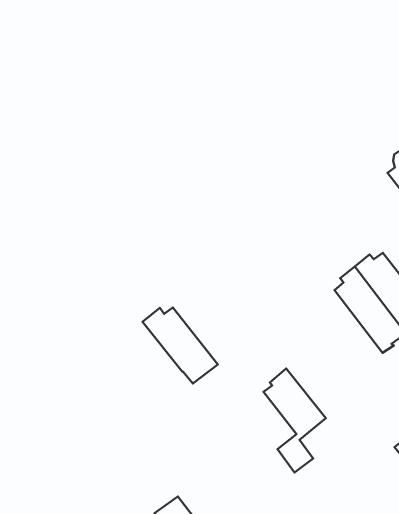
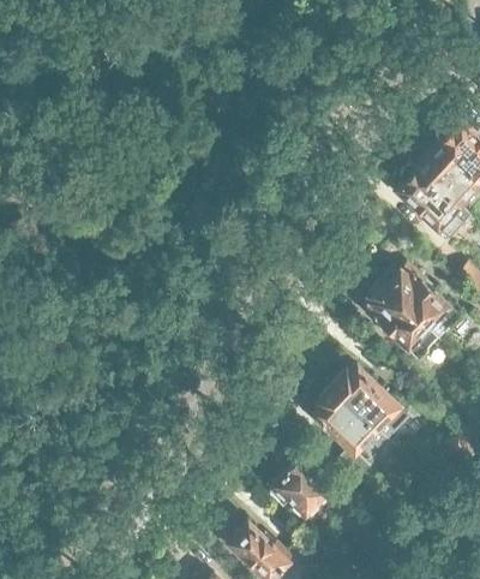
building: [142,307,218,384] -> [331,369,408,437]
building: none -> [272,456,331,515]

